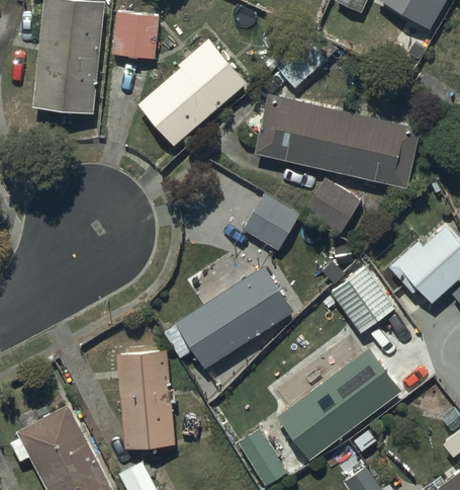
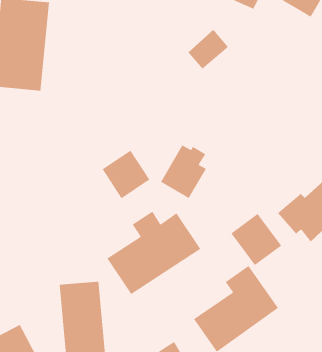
building: [112,12,158,59] -> none
building: [140,40,246,147] -> none
building: [255,95,420,188] -> none
building: [304,179,360,235] -> none
building: none -> [102,150,150,199]

